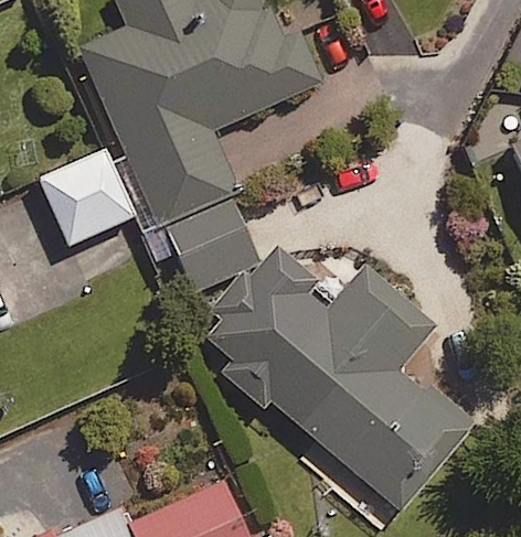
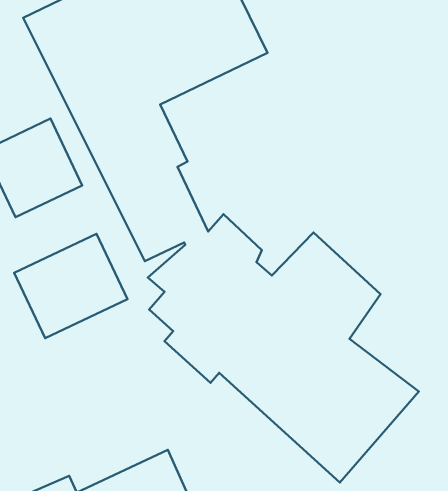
building: none -> [14,234,127,338]

